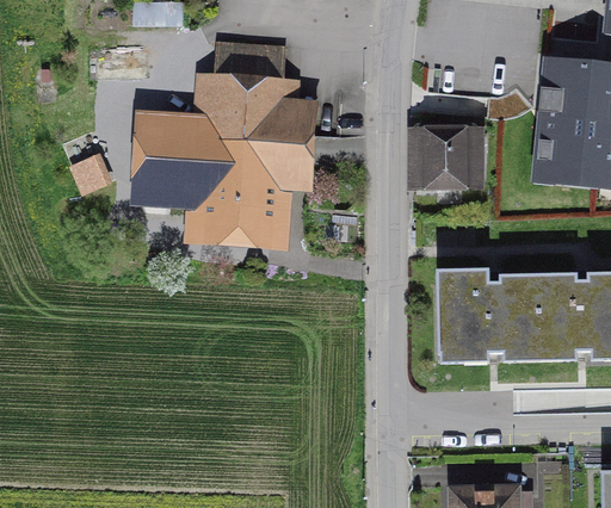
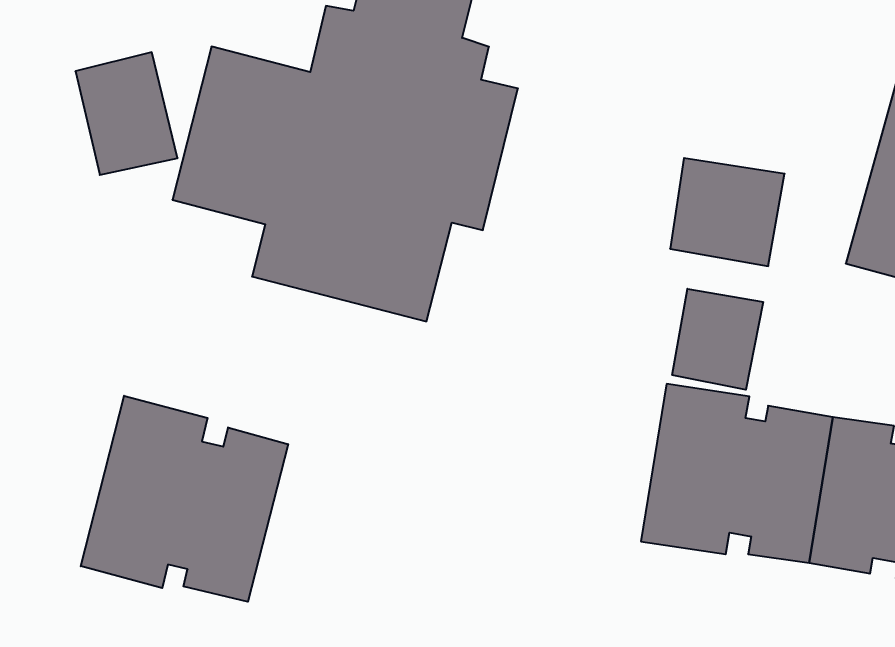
building: none -> [672,289,763,390]
building: none -> [81,396,288,602]

